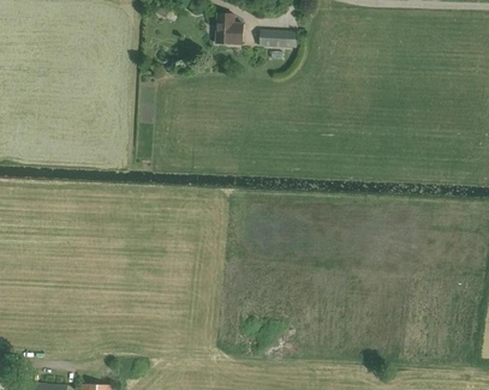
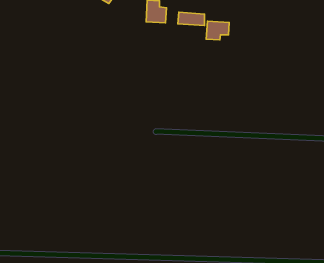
building: none -> [206,21,229,40]

